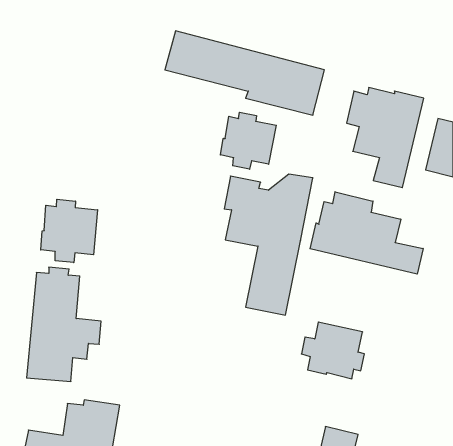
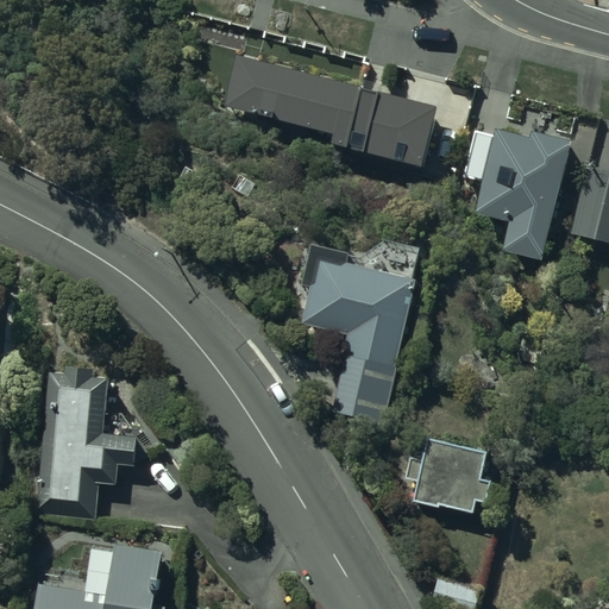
building: [220,112,276,169] -> none
building: [310,192,423,274] -> none
building: [41,199,98,263] -> none

